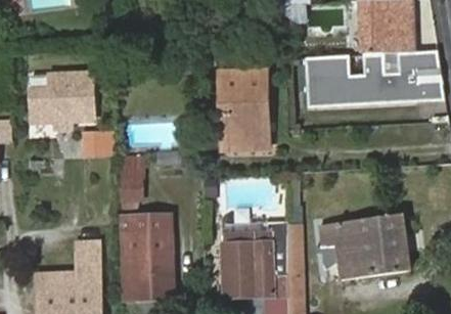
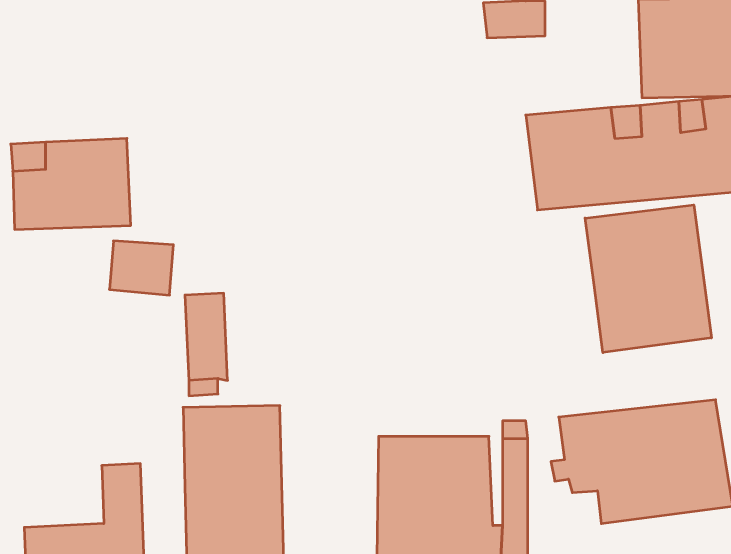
building: [221,77,268,155] -> none
building: none -> [585,205,711,353]

